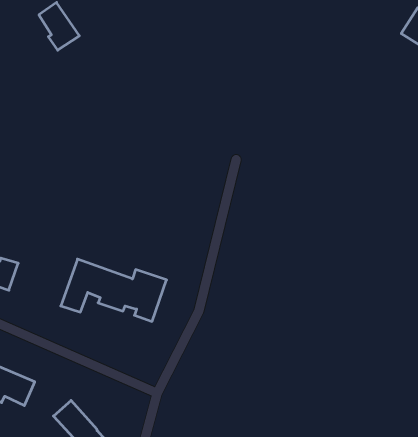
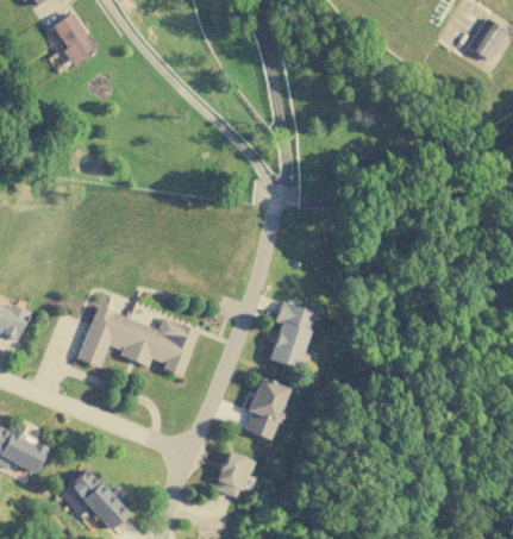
building: none -> [270,301,314,368]
building: none -> [246,378,288,439]
building: none -> [214,451,254,499]

